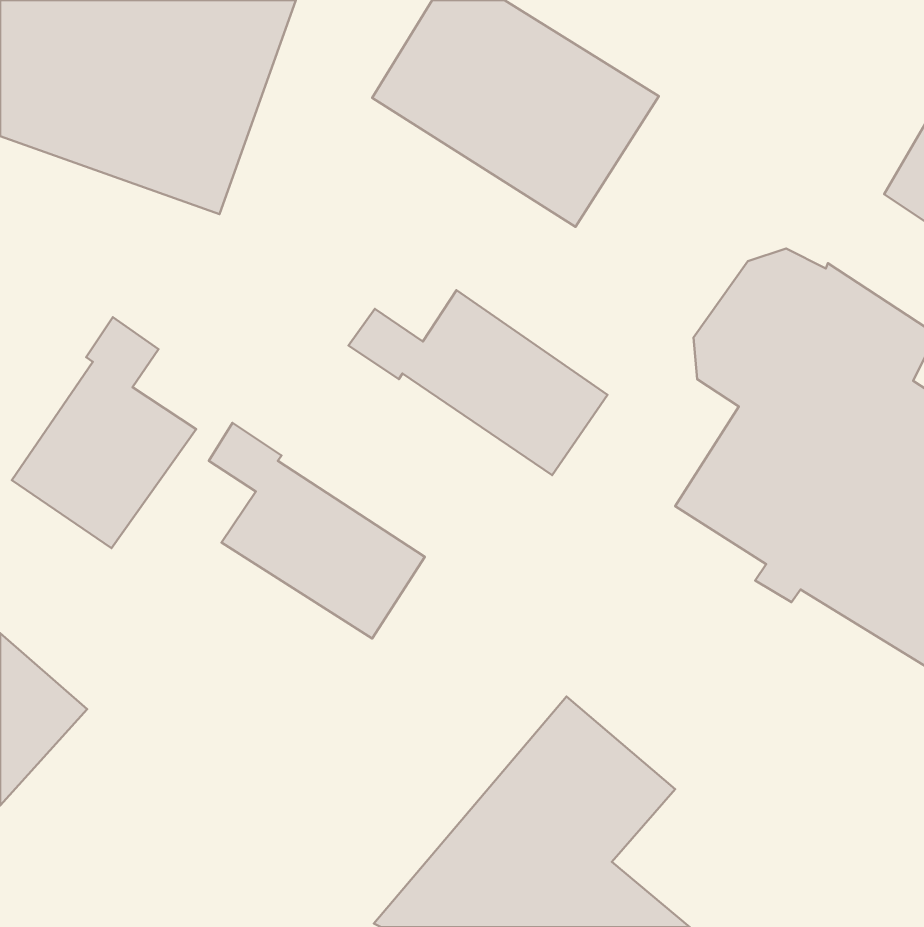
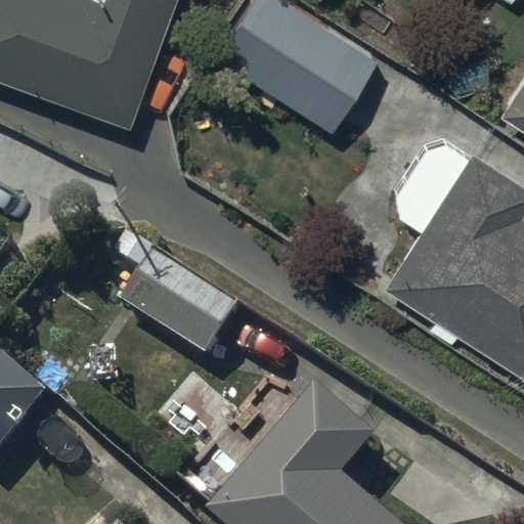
building: [349,290,608,475] -> none
building: [12,317,196,548] -> none

